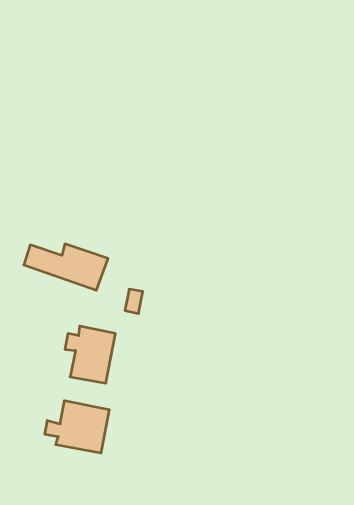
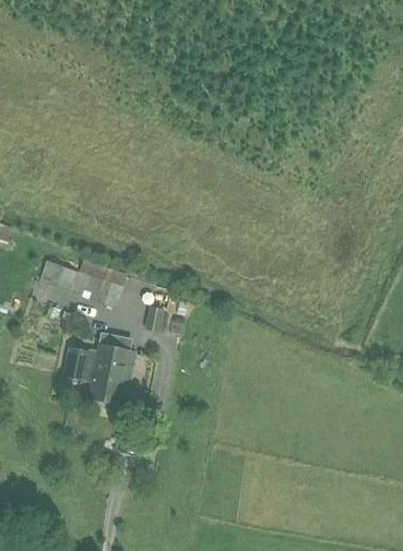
building: [45,401,109,453] -> none

